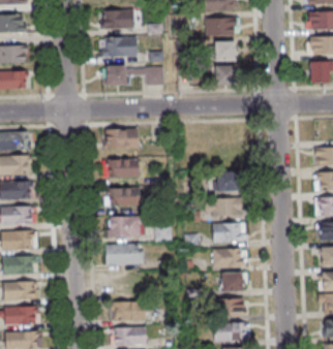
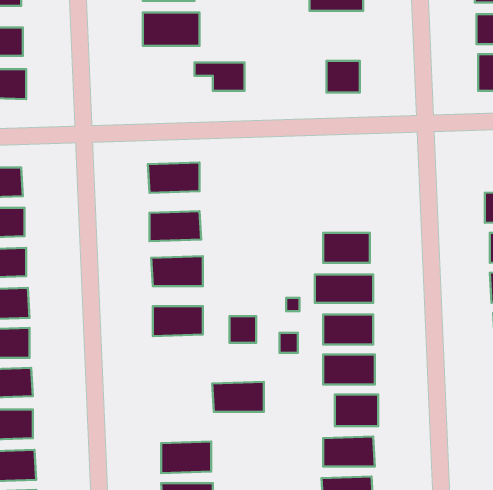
building: [217,41,237,62] -> none
building: [104,65,128,86] -> none
building: [105,245,138,263] -> [212,382,264,412]

